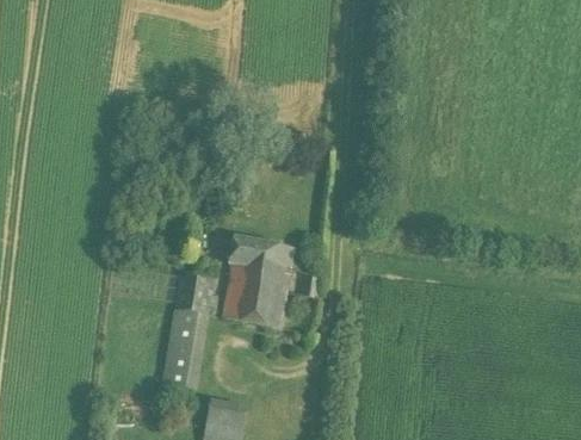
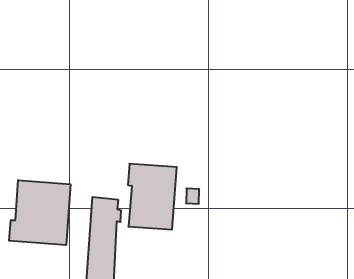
building: none -> [9,180,71,245]

